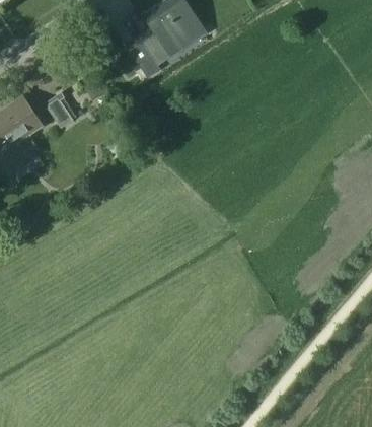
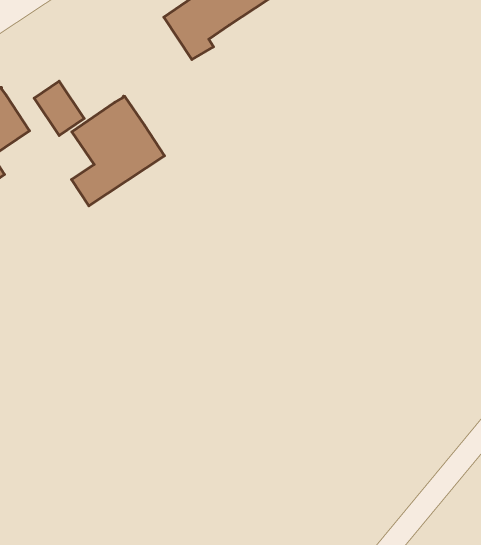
building: none -> [72,96,165,206]

